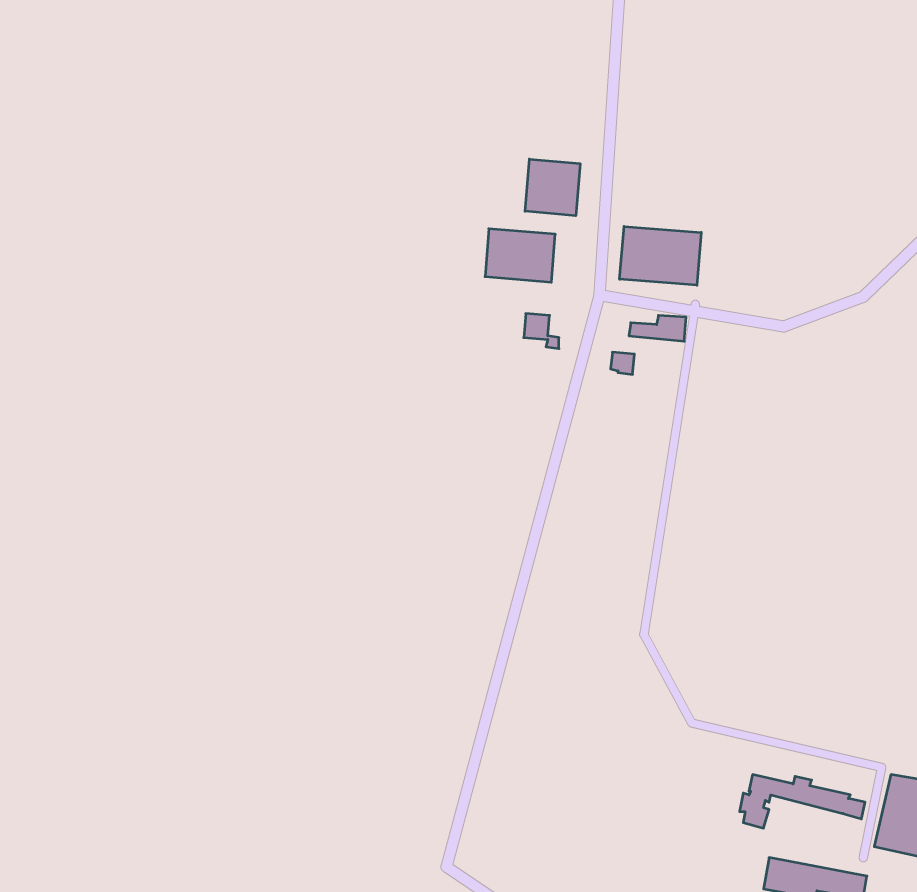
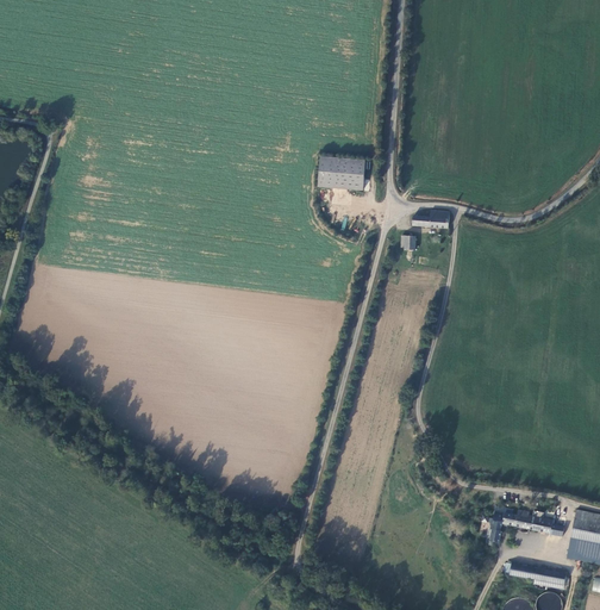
building: [525,159,580,216] -> none
building: [620,226,701,285] -> none

